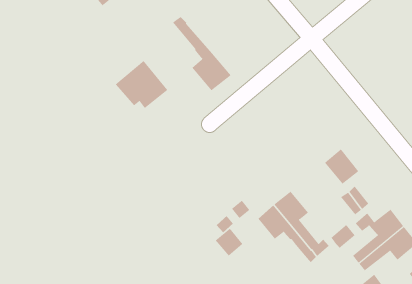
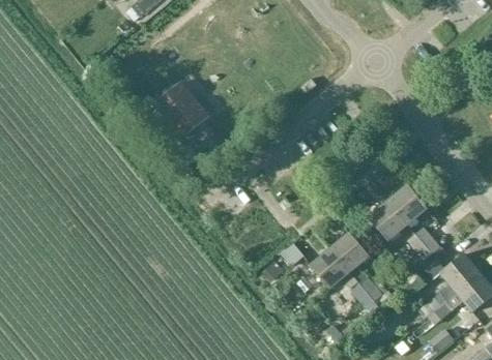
building: [172,16,231,91] -> none
building: none -> [370,200,409,240]
building: [215,228,243,257] -> none

